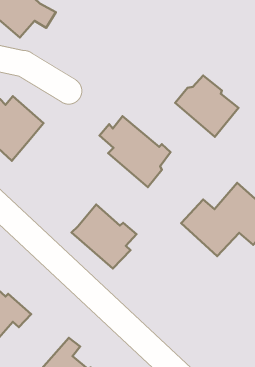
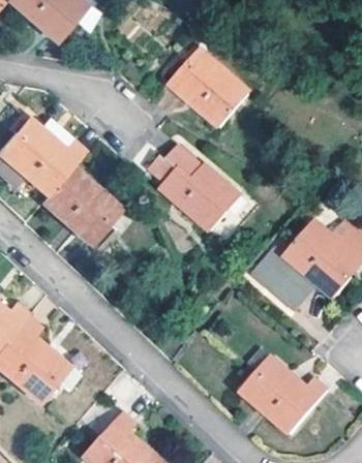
building: [175,76,238,137] -> [172,54,246,126]
building: [72,205,136,268] -> [42,171,119,246]
building: none -> [239,345,326,432]

